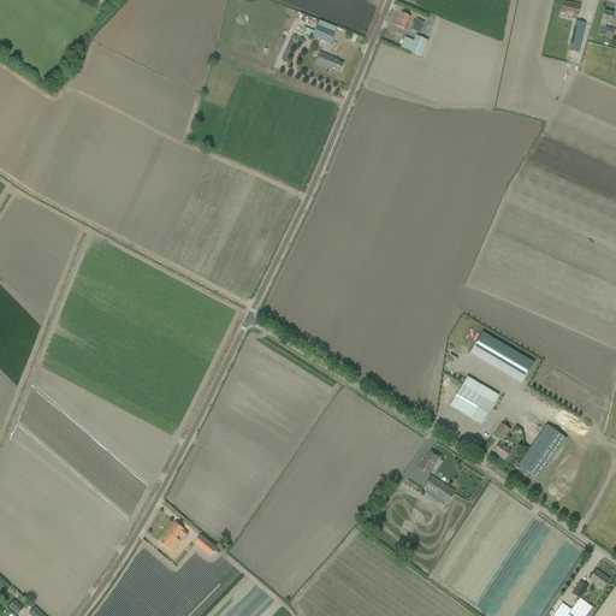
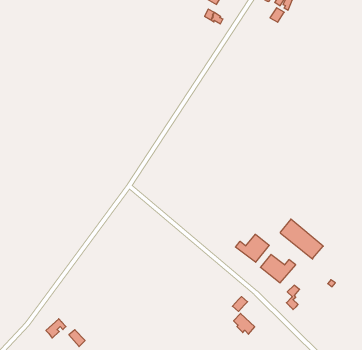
building: none -> [235,234,269,262]
building: [519,422,567,476] -> none

